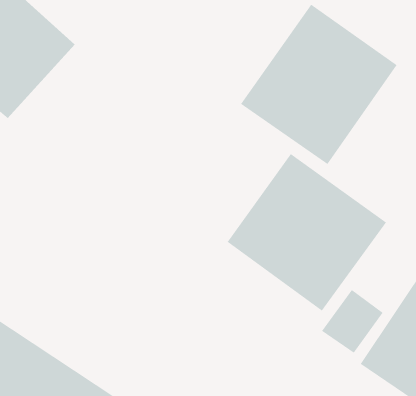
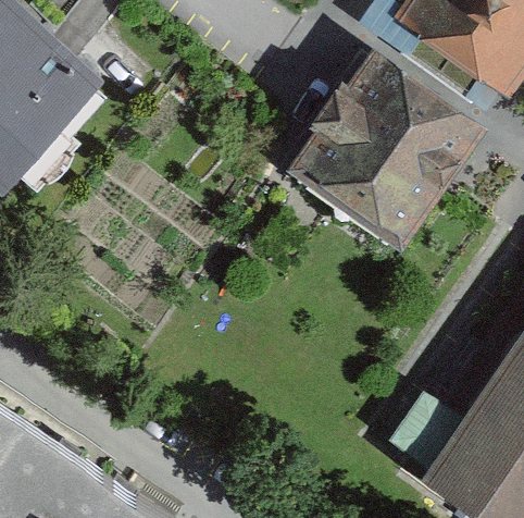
building: [227,153,387,312] -> none

